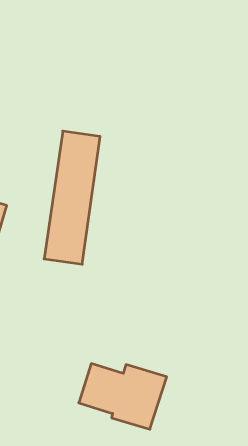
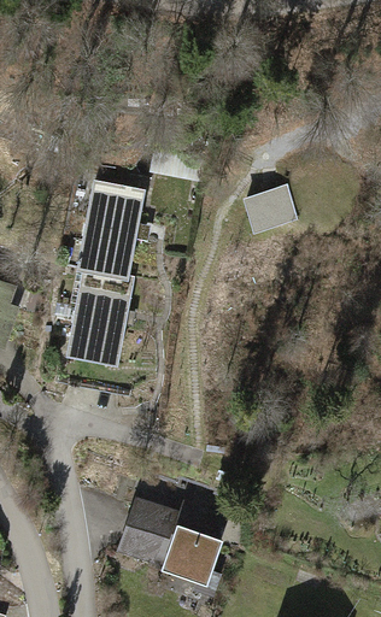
building: none -> [238,186,292,234]

